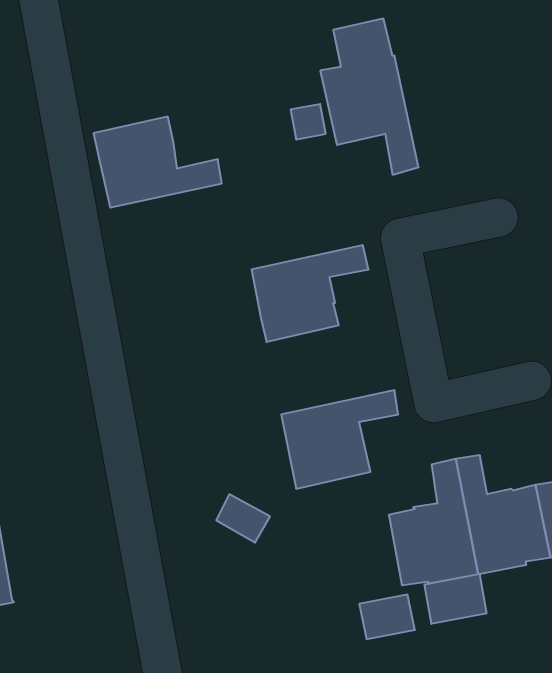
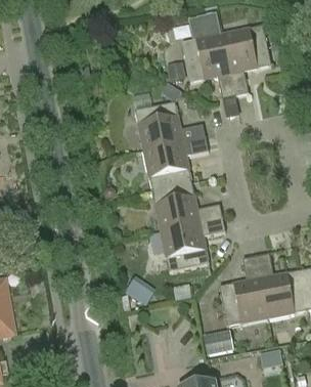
building: none -> [222,24,270,93]
building: [94,117,222,208] -> [134,99,205,149]
building: none -> [151,180,222,229]
building: [425,574,486,624] -> none

